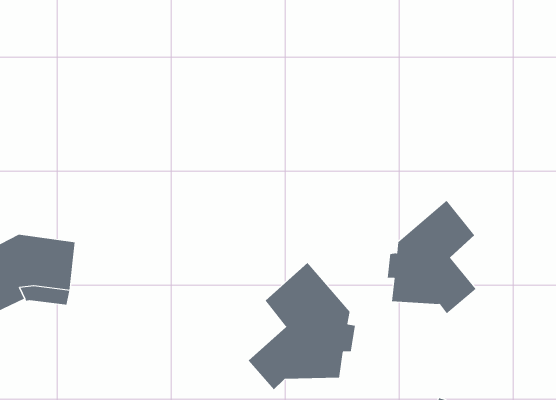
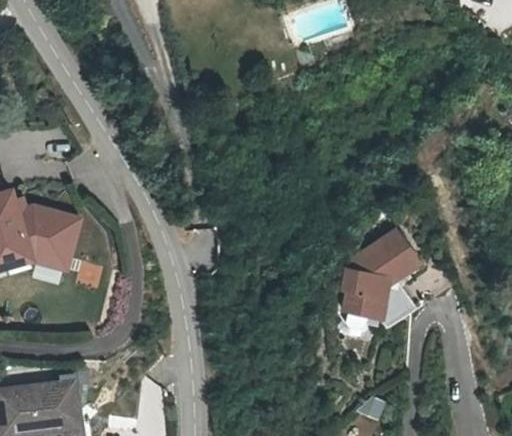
building: [248,262,355,390] -> none

